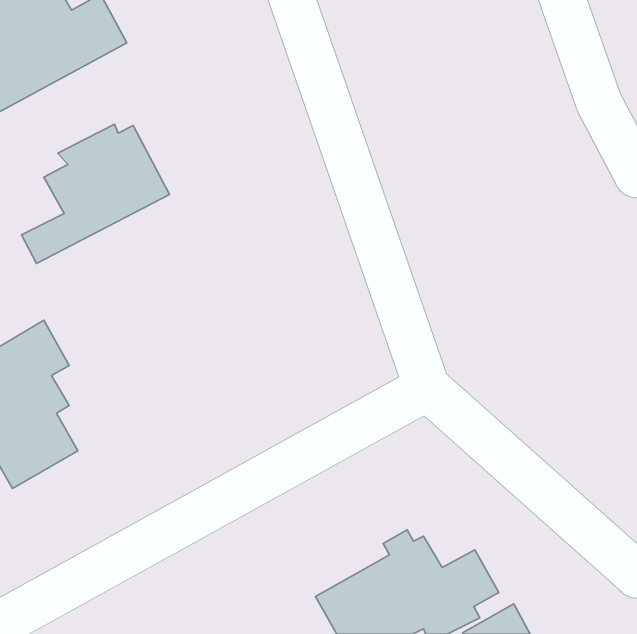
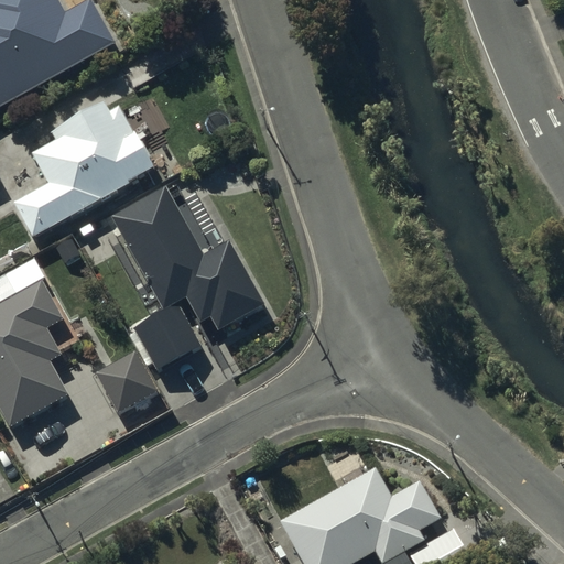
building: none -> [113,187,265,370]
building: none -> [96,351,153,409]

